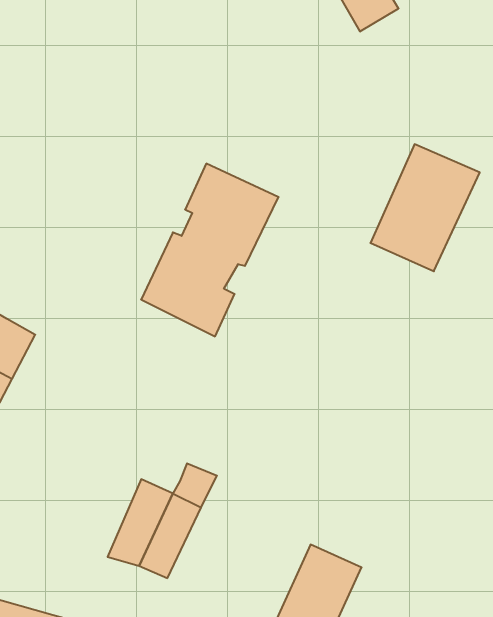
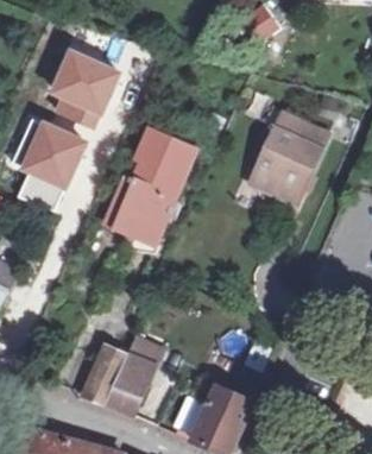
building: none -> [45,46,118,127]
building: none -> [17,119,83,187]

